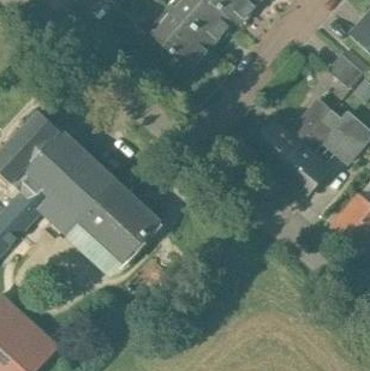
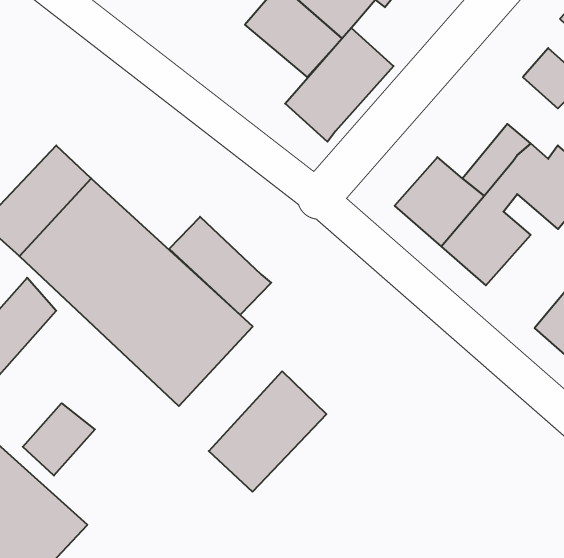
building: none -> [285,28,394,142]
building: none -> [169,217,271,315]
building: none -> [209,371,326,492]
building: none -> [23,403,95,476]

